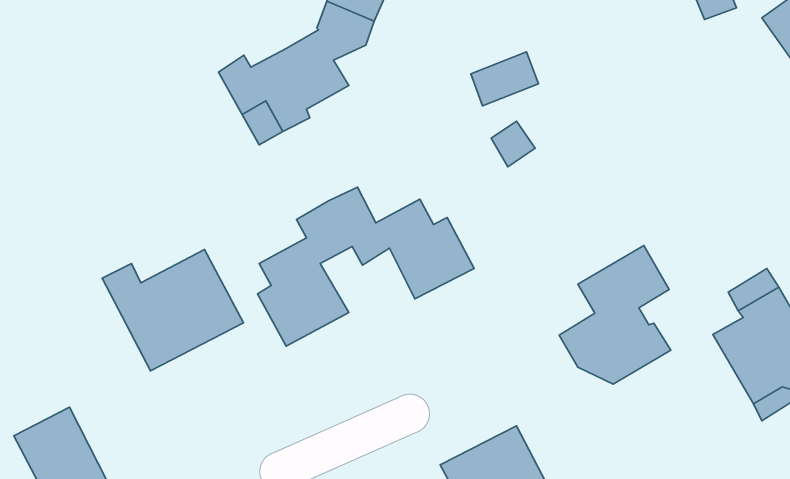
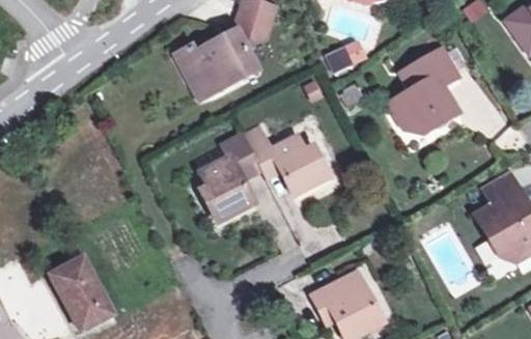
building: [559,245,671,384] -> [391,49,459,134]
building: [102,250,244,371] -> none

